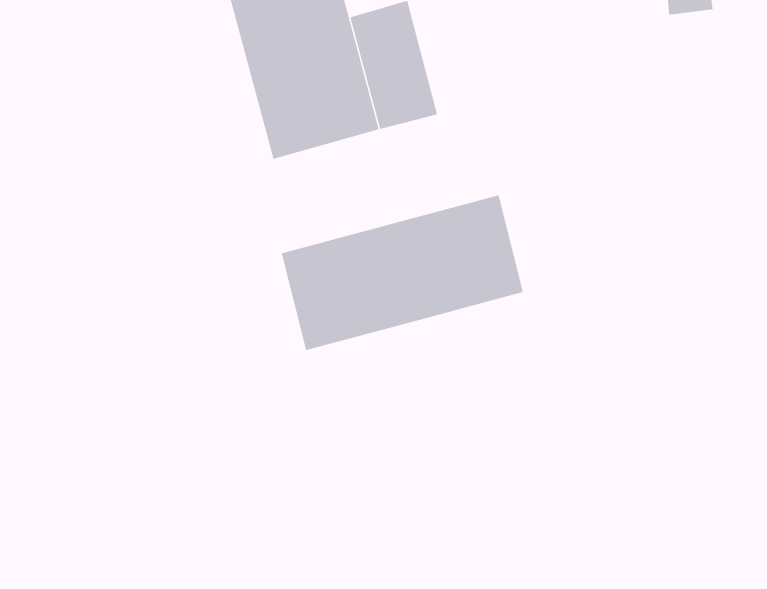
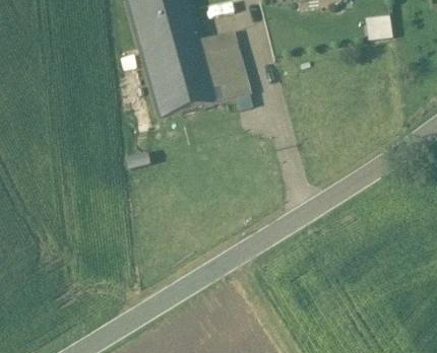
building: [281,195,524,351] -> none

